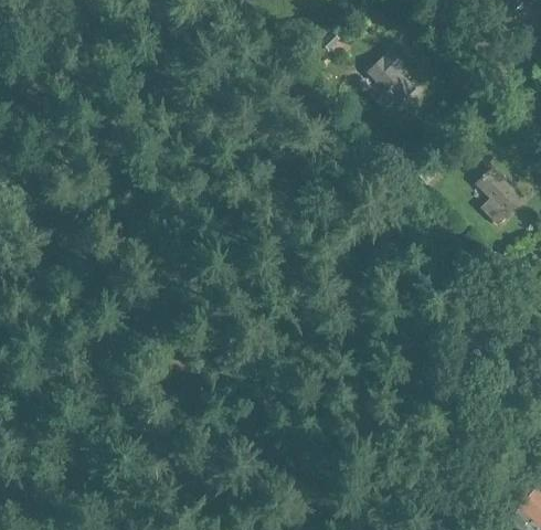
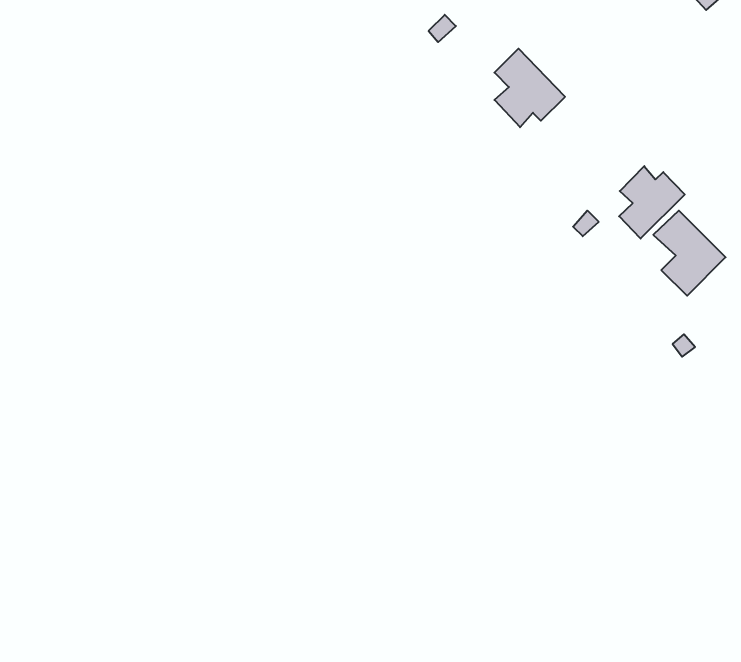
building: none -> [619,166,685,239]

